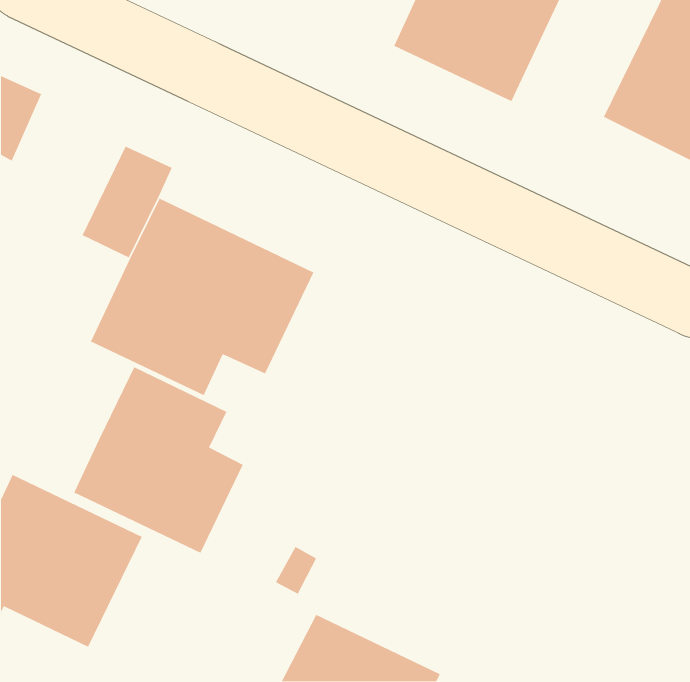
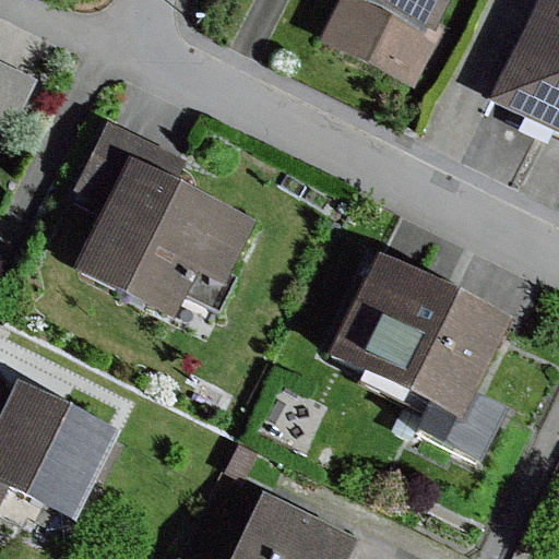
building: none -> [329,259,506,459]
building: [73,366,244,554] -> none

